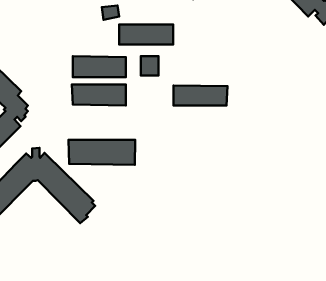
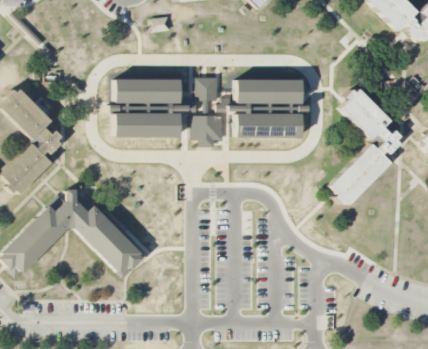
building: [119,24,173,44] -> [236,79,301,103]
building: none -> [330,89,401,205]
building: none -> [191,116,223,147]
building: [68,140,135,165] -> none

